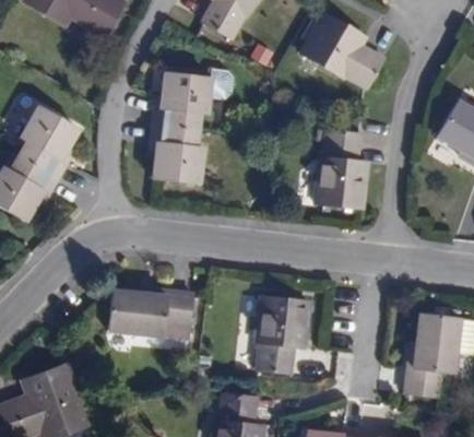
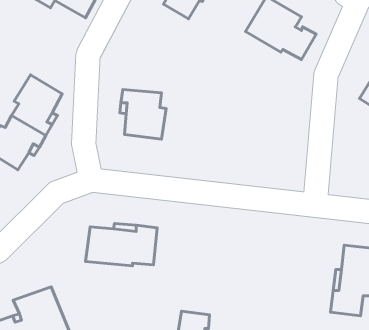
building: [152,72,212,129] -> none
building: [313,129,368,210] -> none
building: [256,294,310,375] -> none

